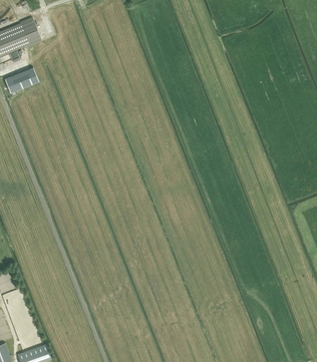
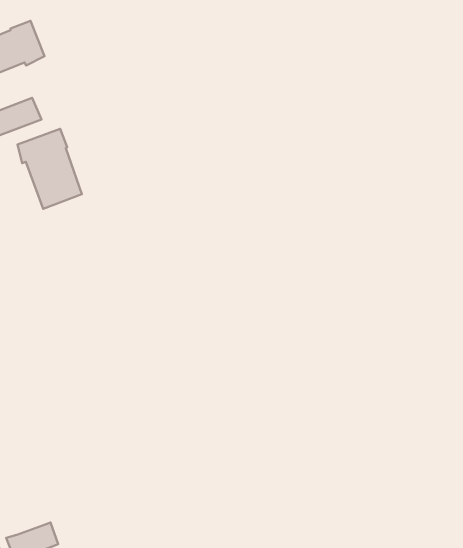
building: none -> [18,129,82,209]

